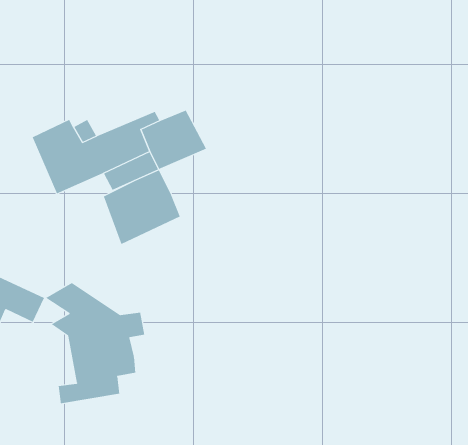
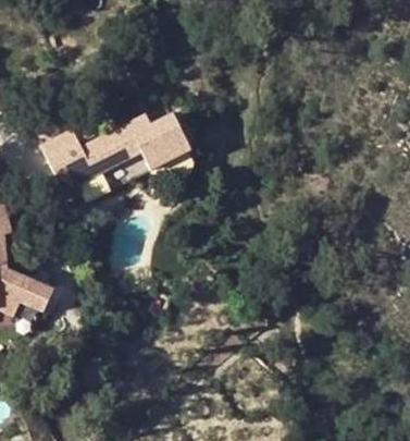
building: [103,170,180,245] -> none
building: [45,282,145,404] -> none

